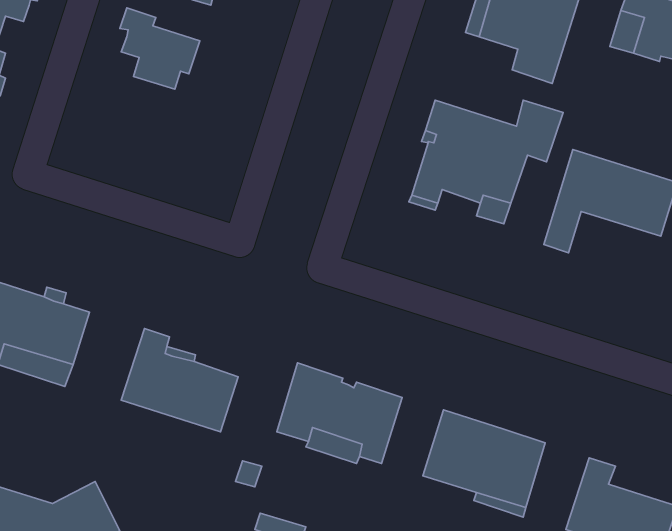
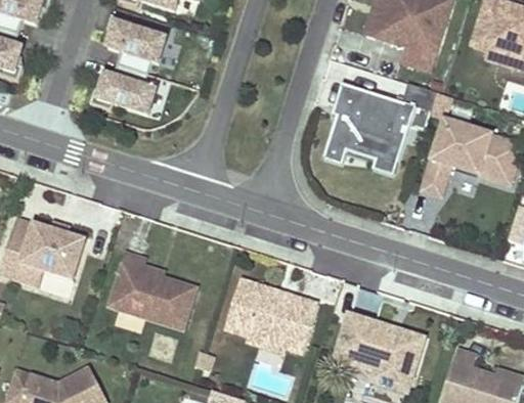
building: none -> [91,64,158,114]

